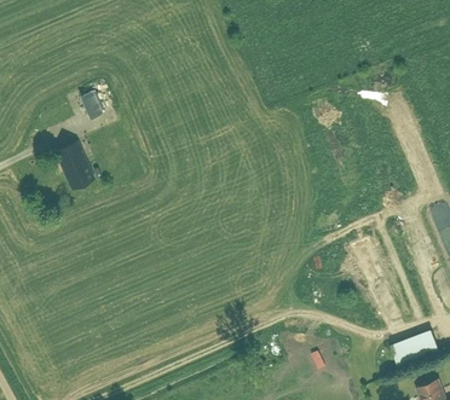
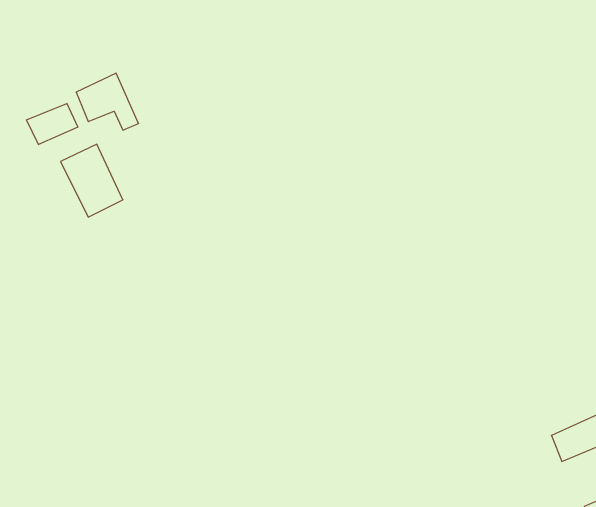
building: none -> [27,103,78,145]

